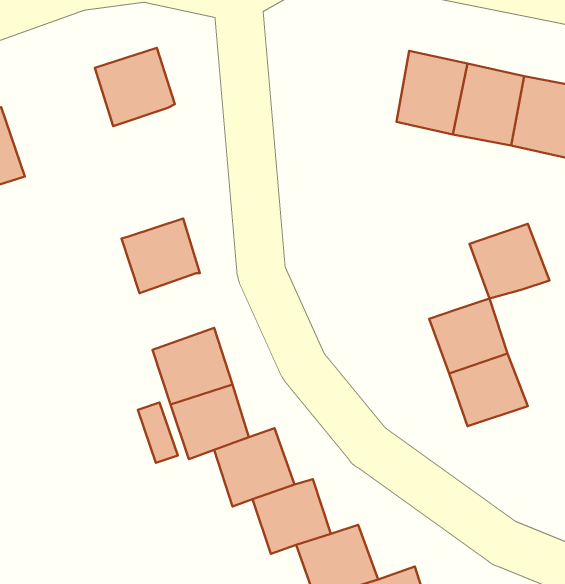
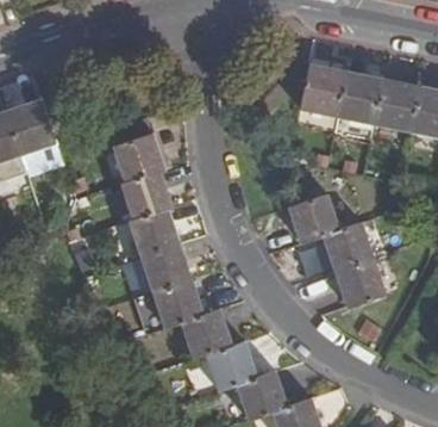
building: [95,48,175,126] -> [113,132,165,184]
building: [469,224,550,299] -> [287,194,339,243]
building: none -> [129,208,181,258]

